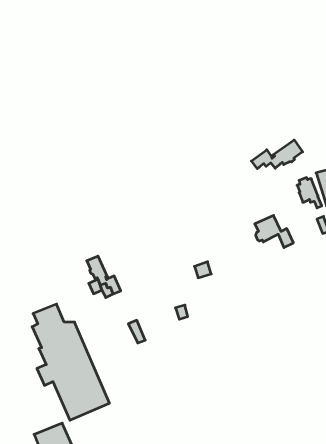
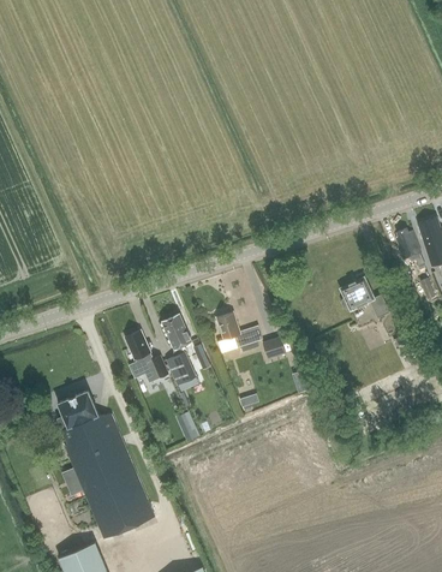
building: [251,140,303,169] -> none
building: none -> [217,312,251,351]
building: none -> [163,314,197,385]

